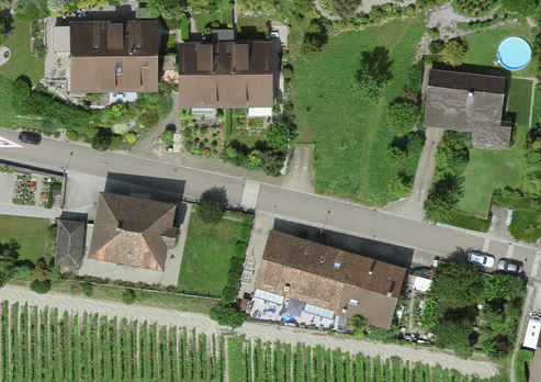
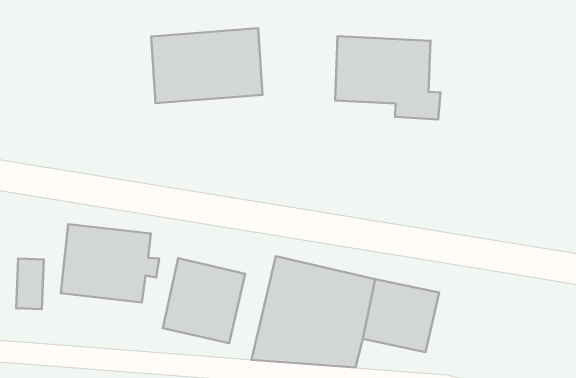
building: [72,24,156,83] -> none
building: [425,68,511,142] -> [335,36,440,119]
building: none -> [163,258,245,343]

